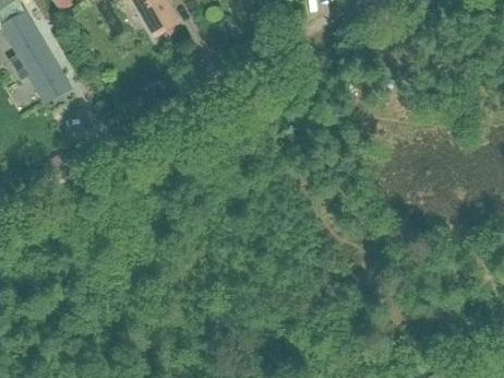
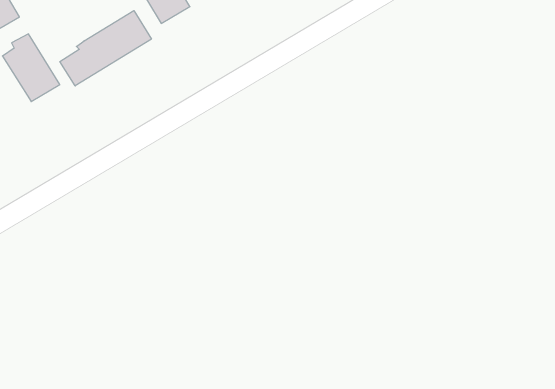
building: none -> [60,11,151,86]

